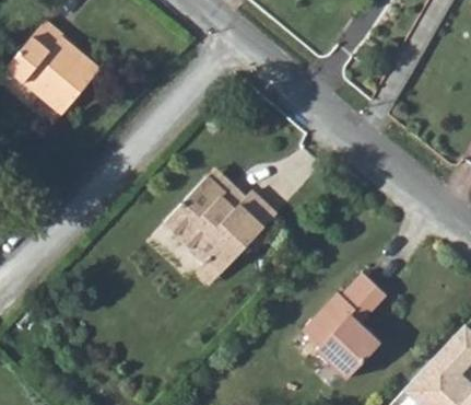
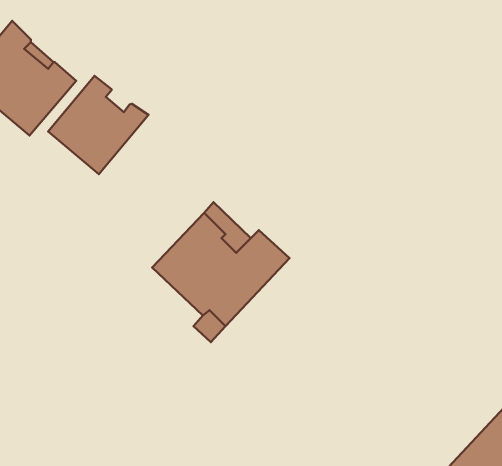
building: none -> [48,76,149,174]
building: [299,273,384,379] -> none

